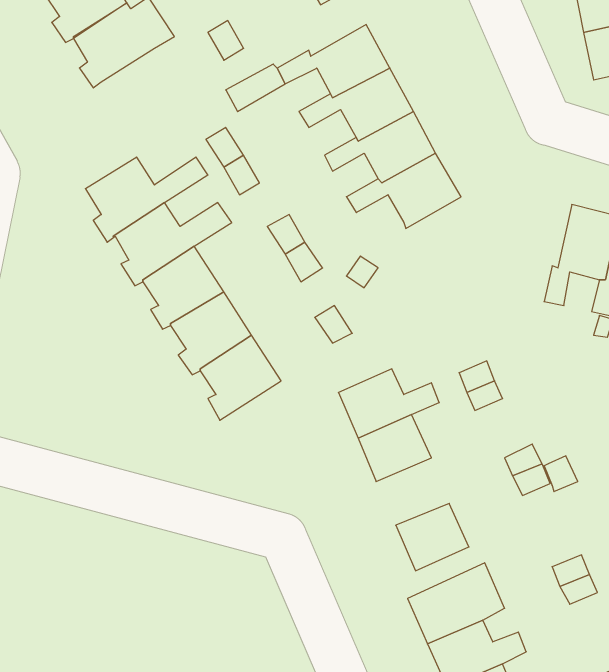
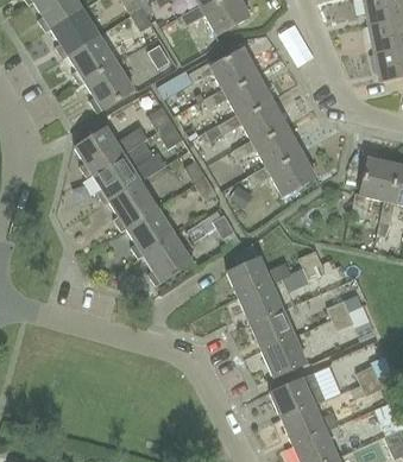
building: none -> [83,62,133,113]
building: none -> [246,151,314,196]
building: none -> [248,308,292,348]

